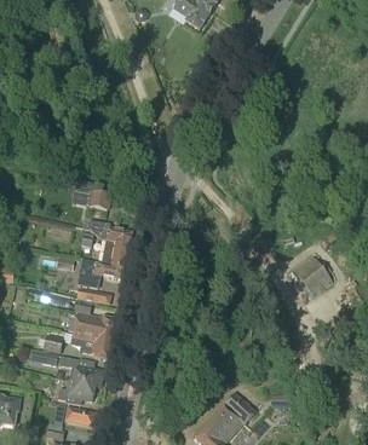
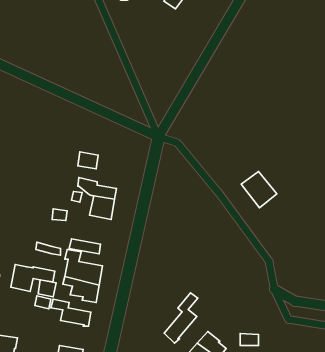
building: [293,255,333,296] -> [241,171,277,208]
building: [76,259,126,289] -> [11,265,55,292]
building: none -> [164,293,198,343]
building: [57,380,96,400] -> none

